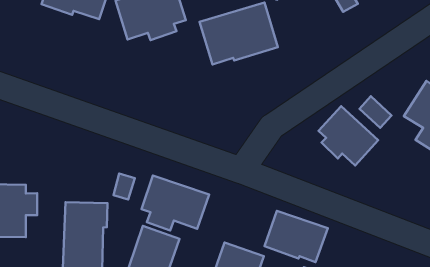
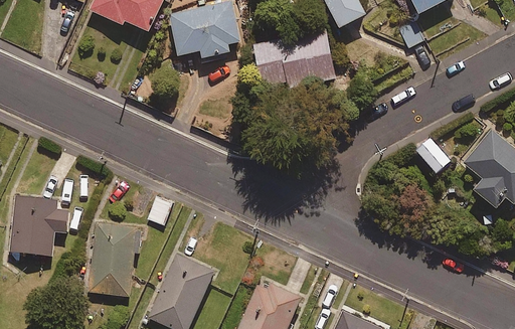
building: [319,106,378,166] -> none
building: [141,176,209,230] -> none
building: [264,211,328,262] -> none

